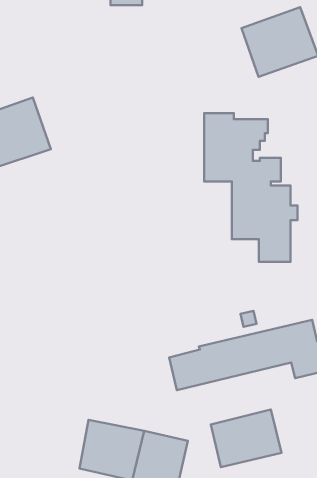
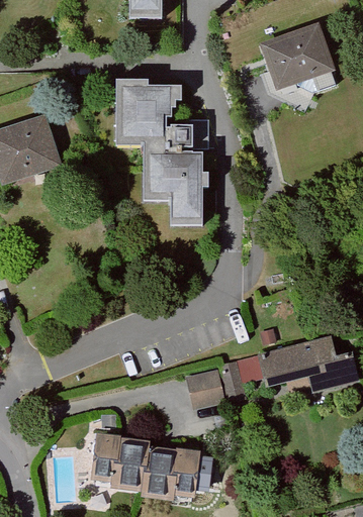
building: [204,113,298,262] -> [114,78,209,229]
building: [211,409,281,467] -> none

